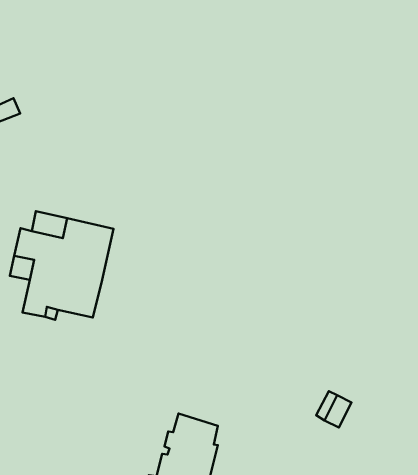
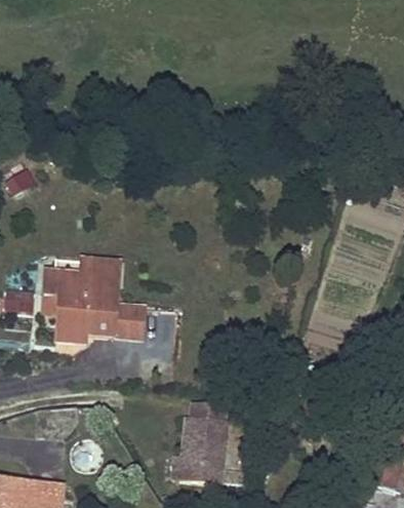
building: none -> [113,306,145,340]

